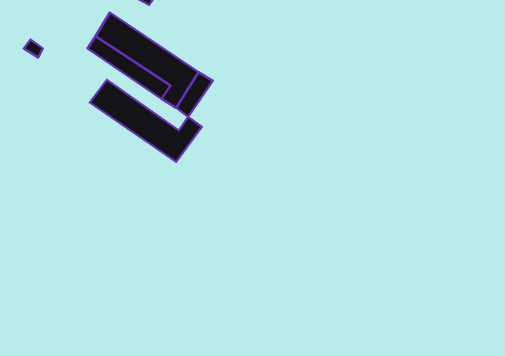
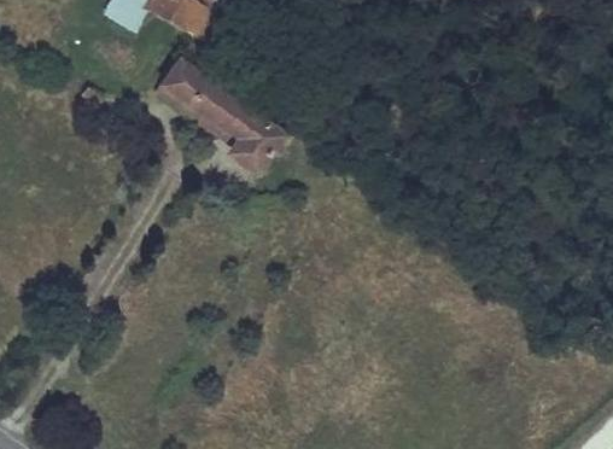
building: [90,80,202,162] -> none

